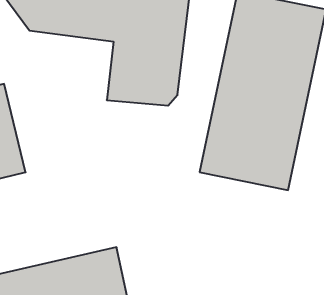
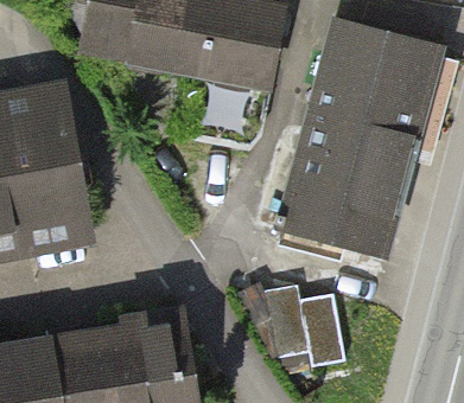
building: none -> [265,283,348,366]

